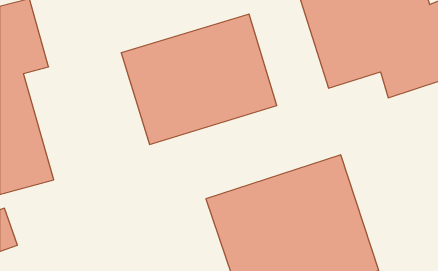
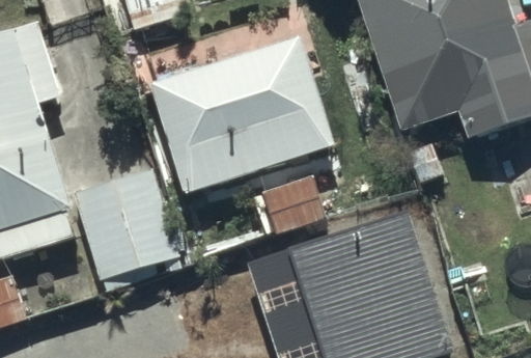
building: none -> [73,170,185,284]

